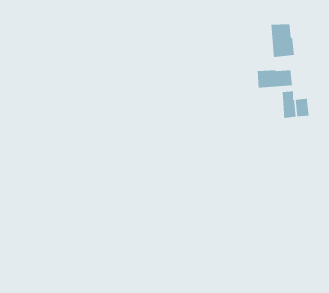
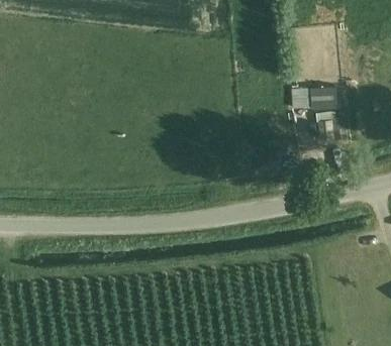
building: [271,23,295,58] -> none

